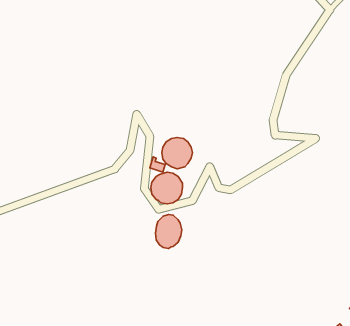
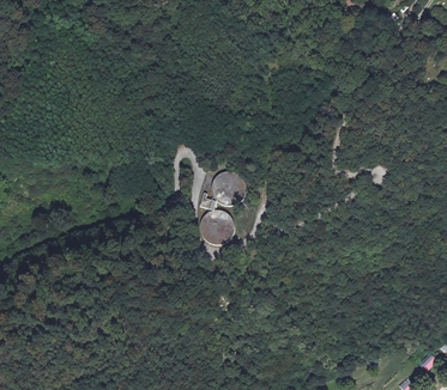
building: [155,215,182,248] -> none

